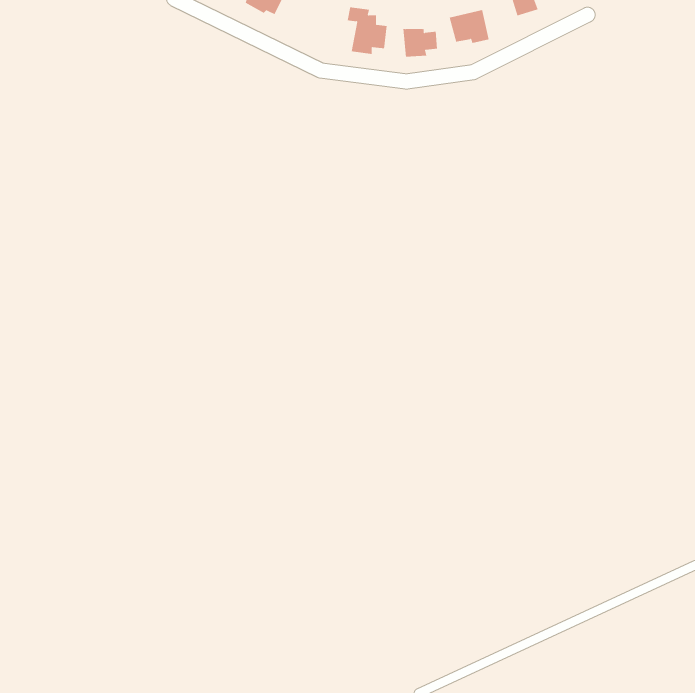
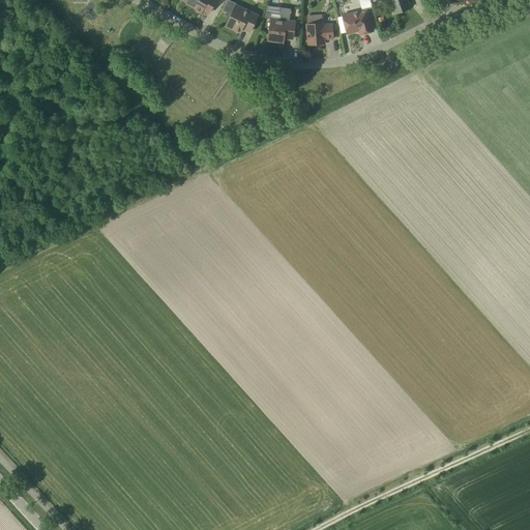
building: none -> [226,7,258,31]

